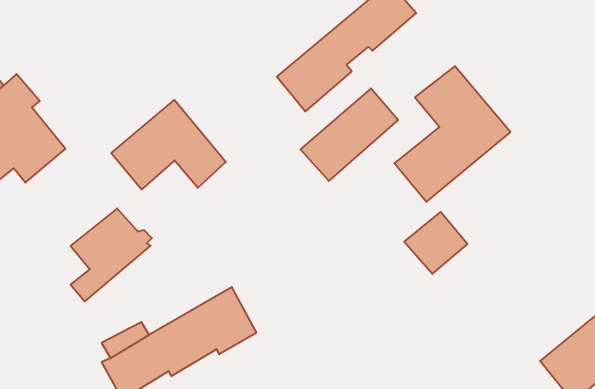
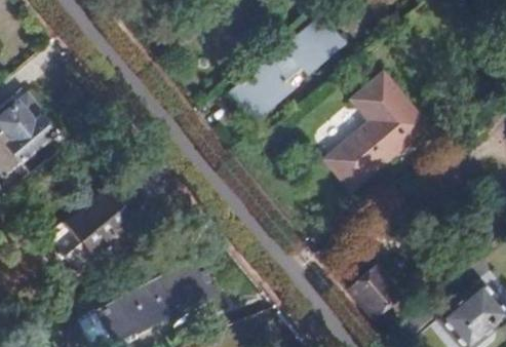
building: [300,88,398,181] -> none
building: [111,100,226,189] -> none
building: [404,212,467,274] -> [353,268,403,317]

